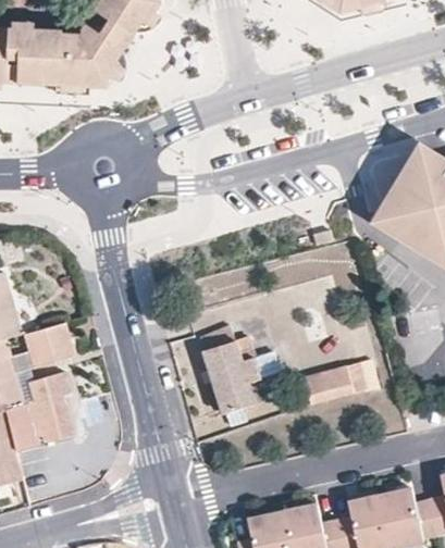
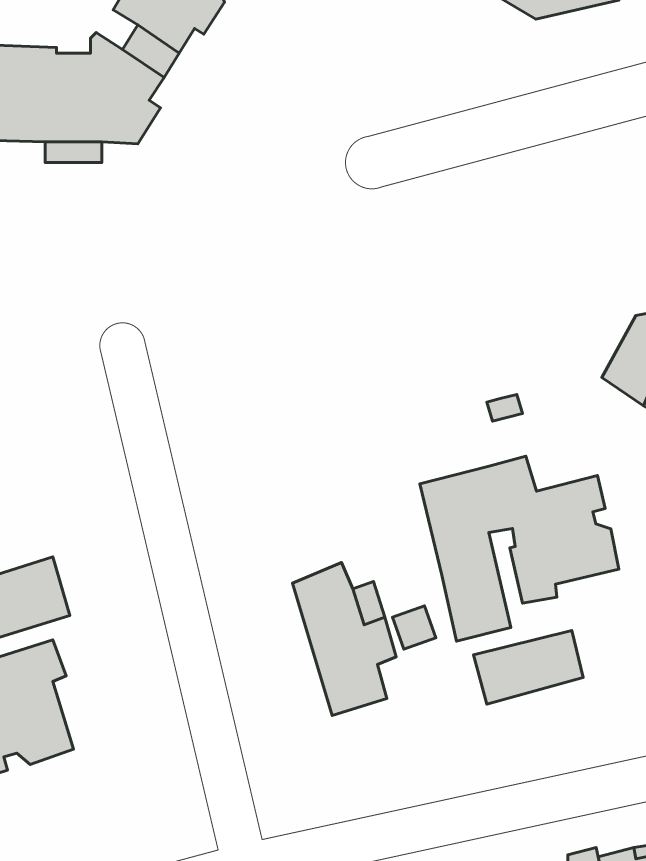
building: none -> [420,456,619,641]

